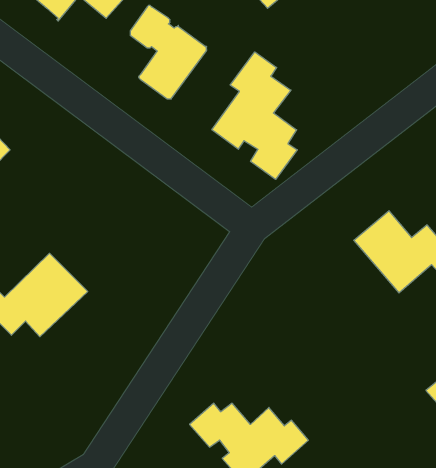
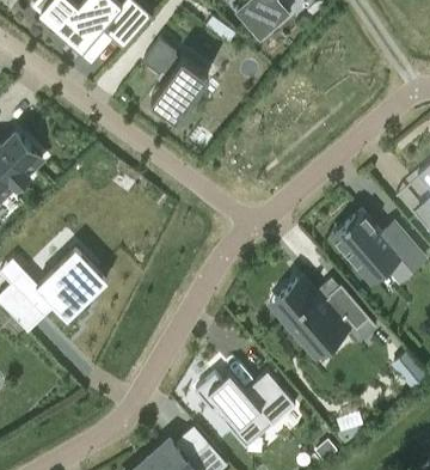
building: [212,52,297,179] -> none
building: none -> [274,282,376,350]

